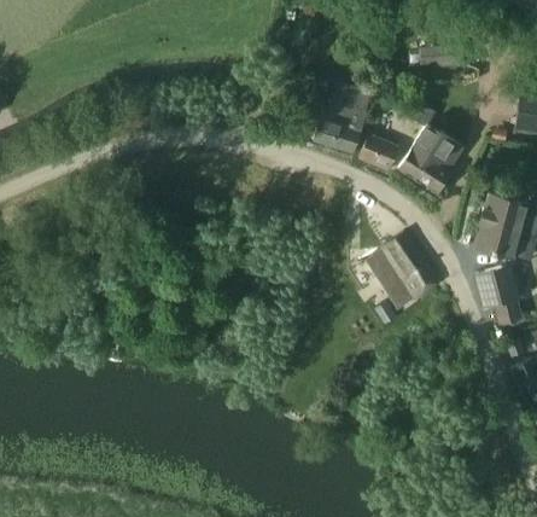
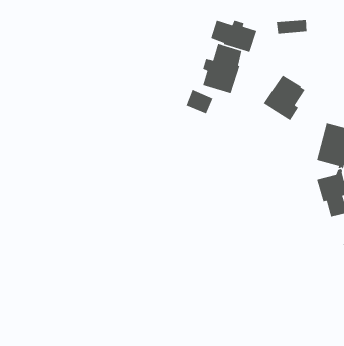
building: none -> [210,19,257,53]
building: [358,136,398,173] -> [185,89,213,114]
building: [373,233,438,298] -> none

